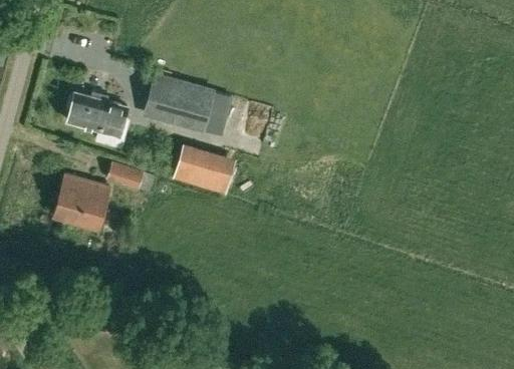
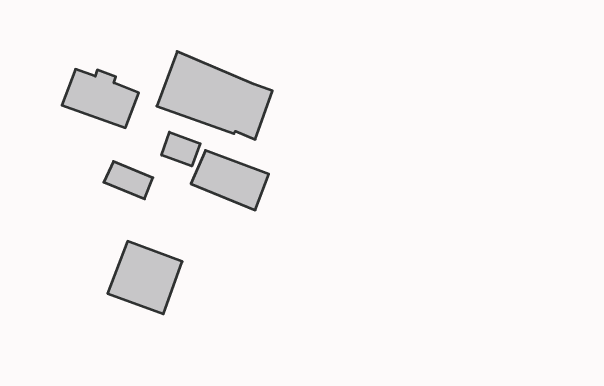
building: none -> [162,132,200,166]
building: [54,175,110,230] -> [108,241,182,314]

